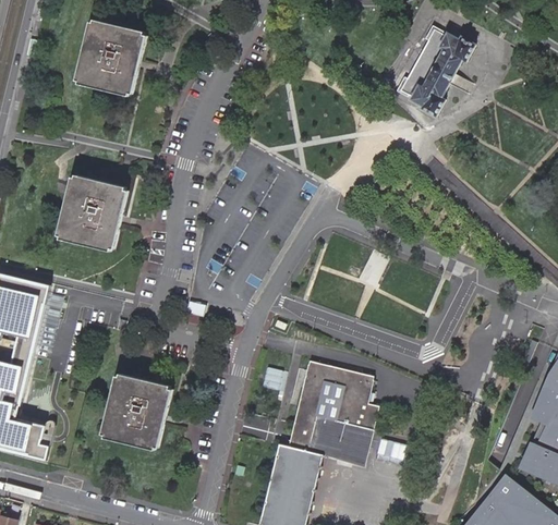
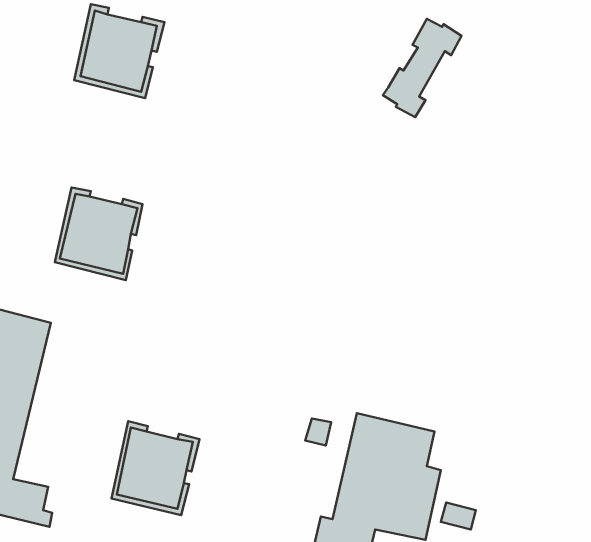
building: [402,29,469,112] -> [383,19,462,117]

